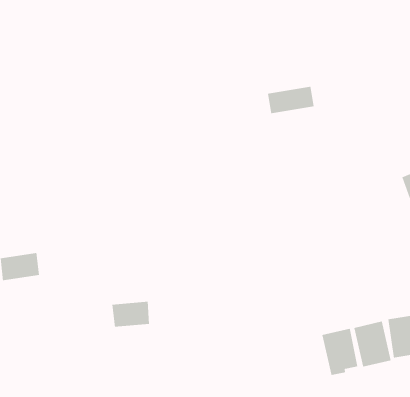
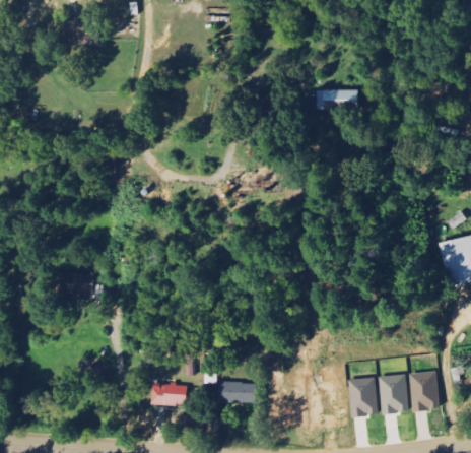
building: [267,86,315,114] -> [316,88,358,110]
building: [112,301,150,327] -> [152,383,187,405]
building: none -> [219,381,254,402]

